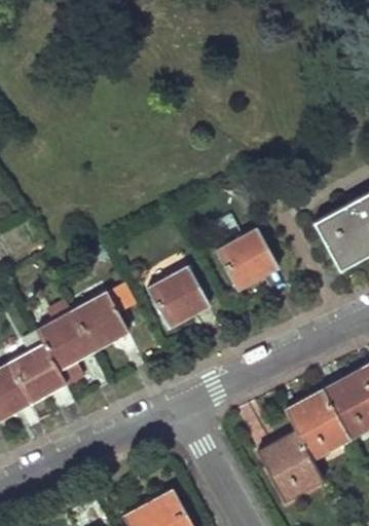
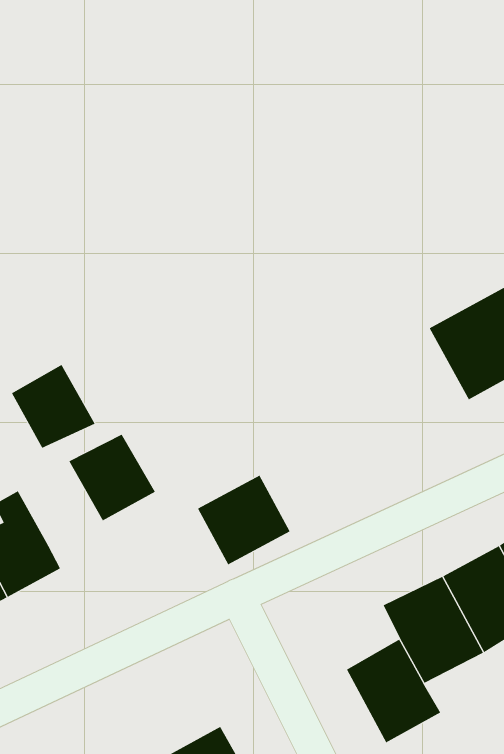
building: [214,228,280,289] -> none
building: [147,266,210,327] -> [197,475,291,565]
building: [37,311,94,368] -> [11,364,95,448]

